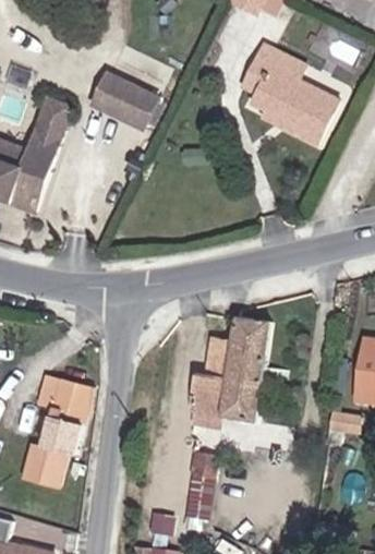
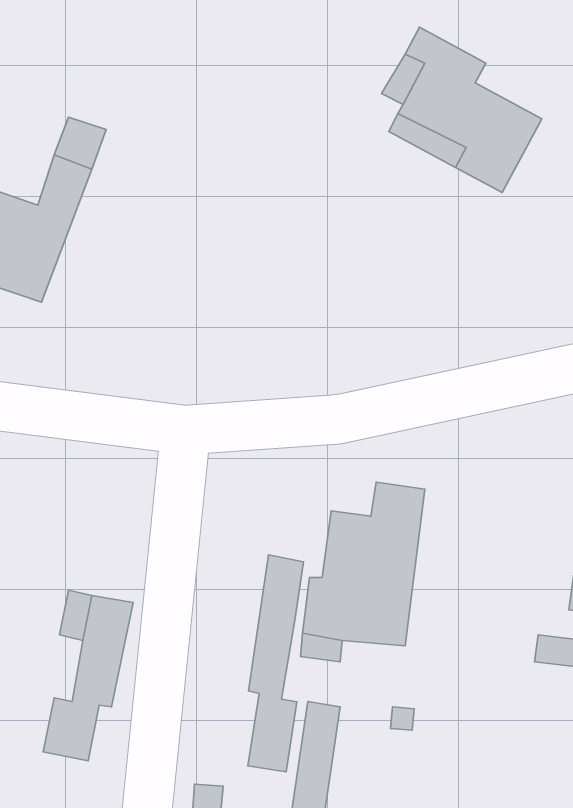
building: [94,74,158,129] -> none
building: none -> [248,555,304,772]

